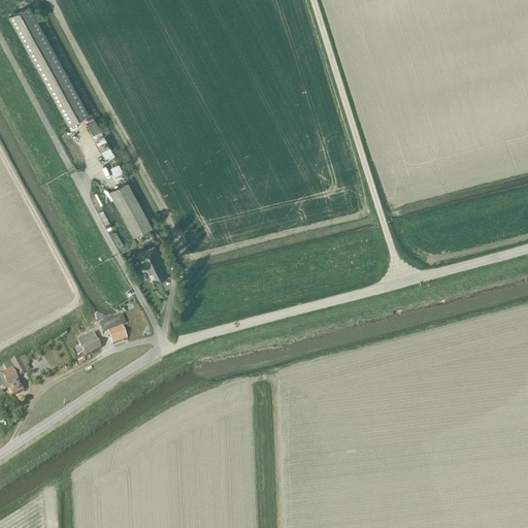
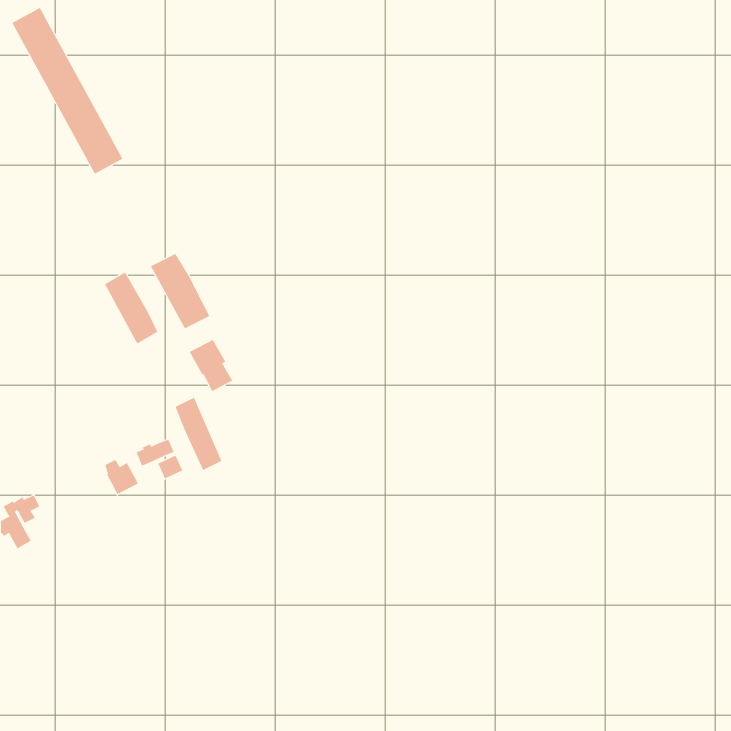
building: none -> [104,271,158,345]
building: none -> [175,397,222,471]

